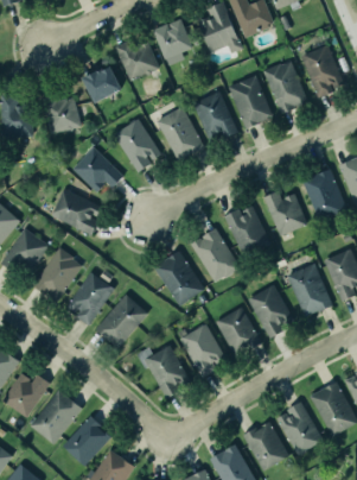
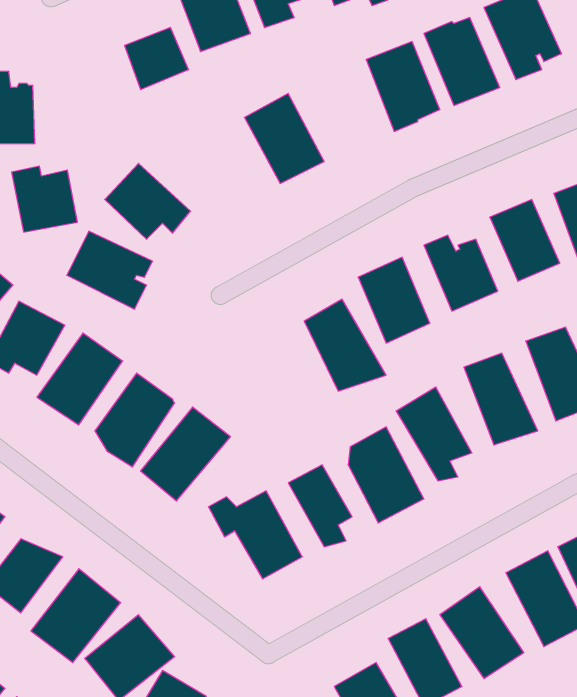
building: [193,89,237,140] -> none
building: [43,95,82,134] -> [12,166,77,232]
building: [115,119,164,172] -> none
building: [154,250,204,304] -> none

